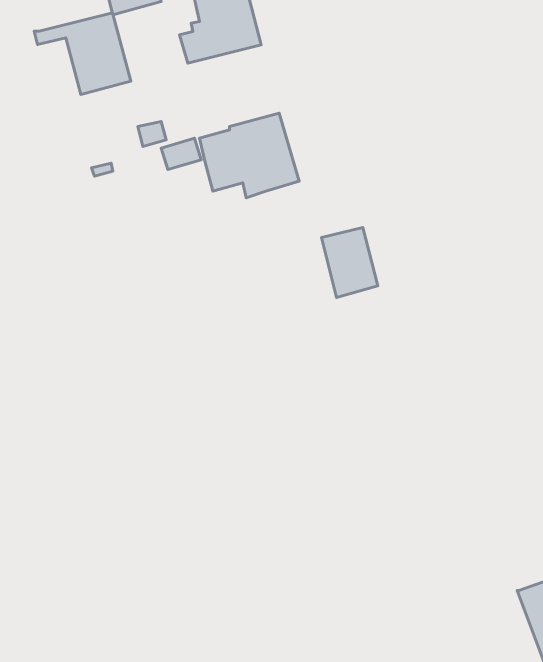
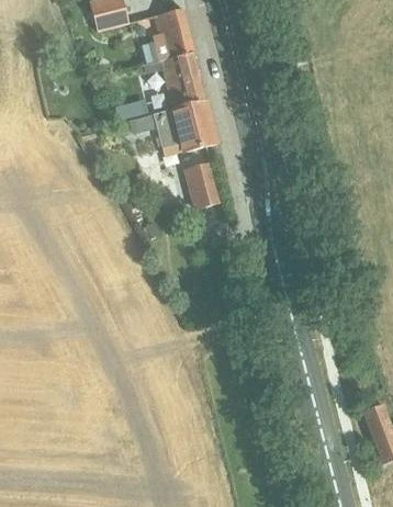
building: [34,13,131,94] -> [143,52,206,105]
building: [321,228,378,297] -> [186,162,223,209]

